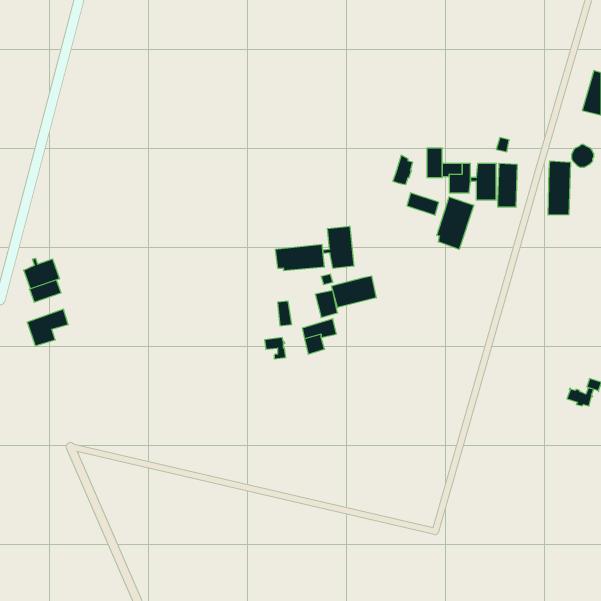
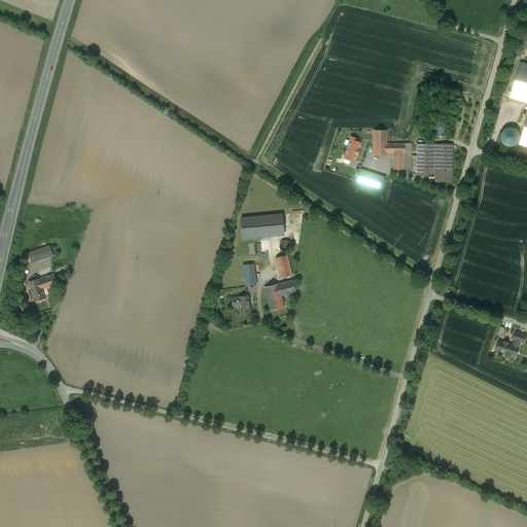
building: [548,161,570,215] -> none
building: [437,197,474,249] -> none
building: [323,226,354,268] -> none
building: [24,258,59,289] -> none
building: [332,276,376,308] -> none

